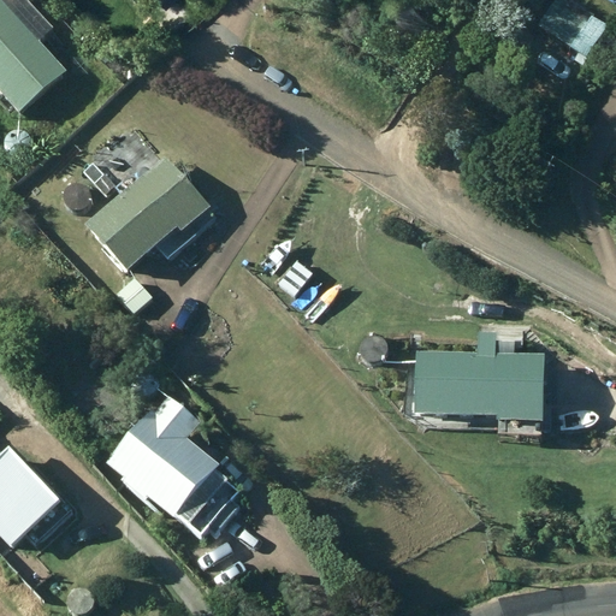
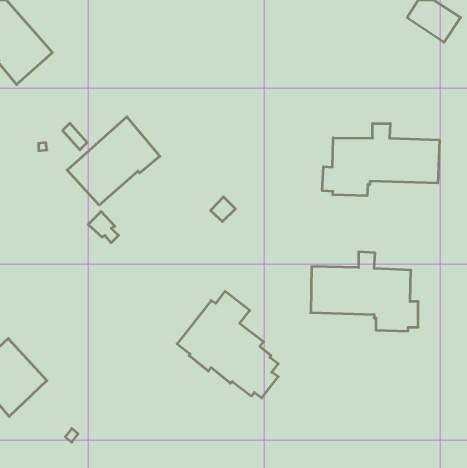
building: none -> [322,123,439,196]
building: [107,396,239,535] -> [177,291,278,398]

